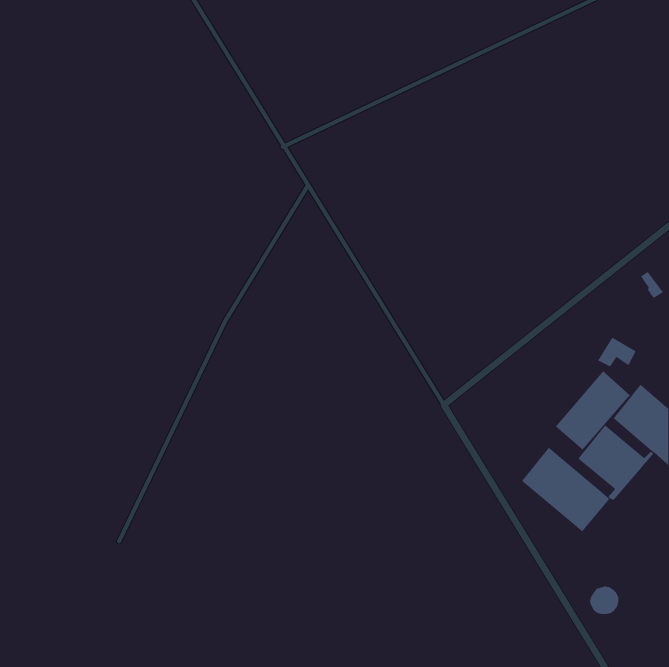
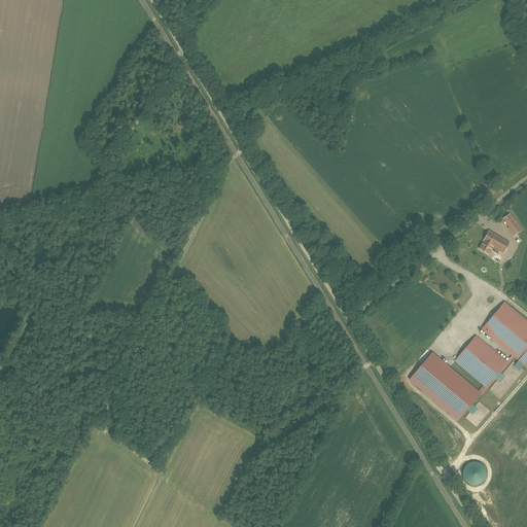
building: [597,337,637,367] -> [479,230,510,253]
building: [555,371,630,450] -> none

